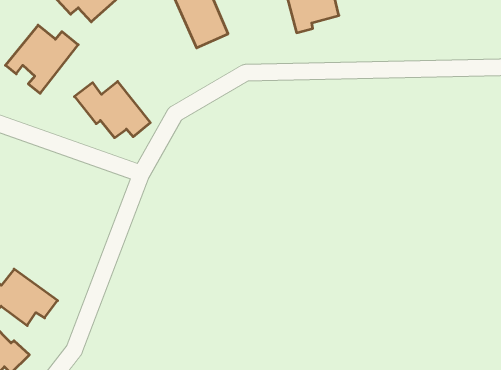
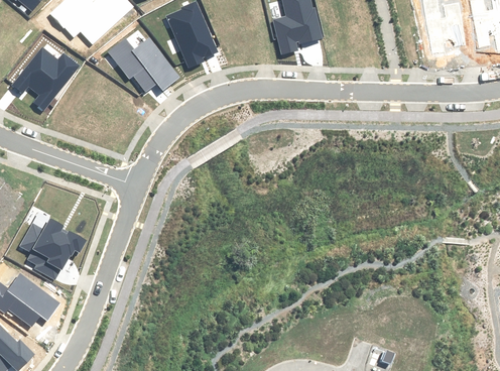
building: [74,81,150,138] -> [108,38,178,91]
building: none -> [20,219,86,279]

